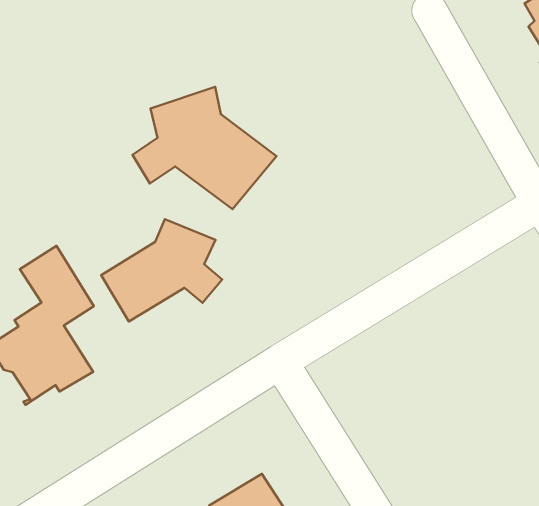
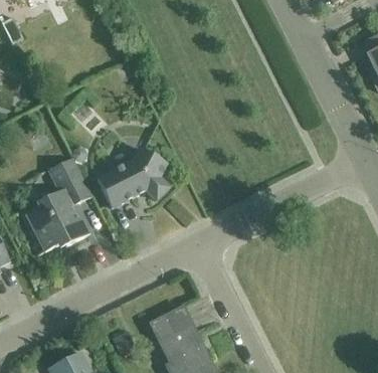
building: [133,87,276,209] -> none

